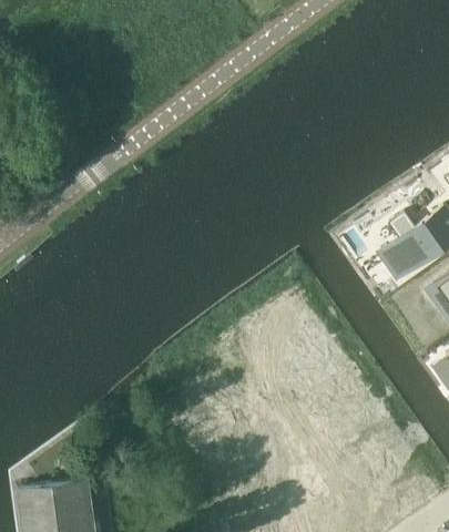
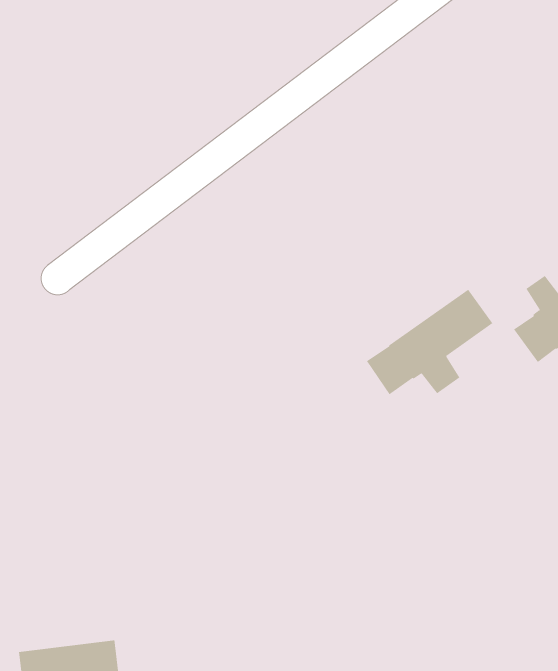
building: none -> [366,289,493,395]

